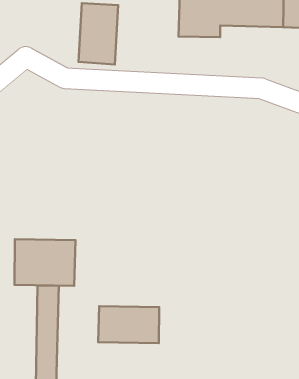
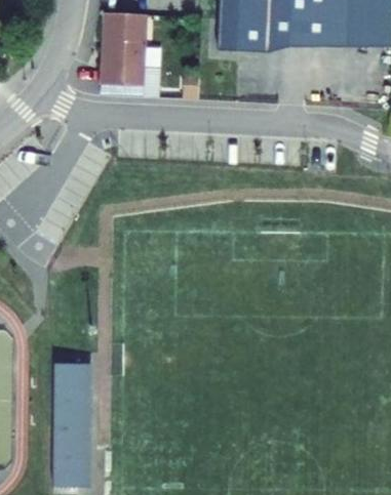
building: [14,239,75,286] -> none
building: [98,306,159,343] -> none

